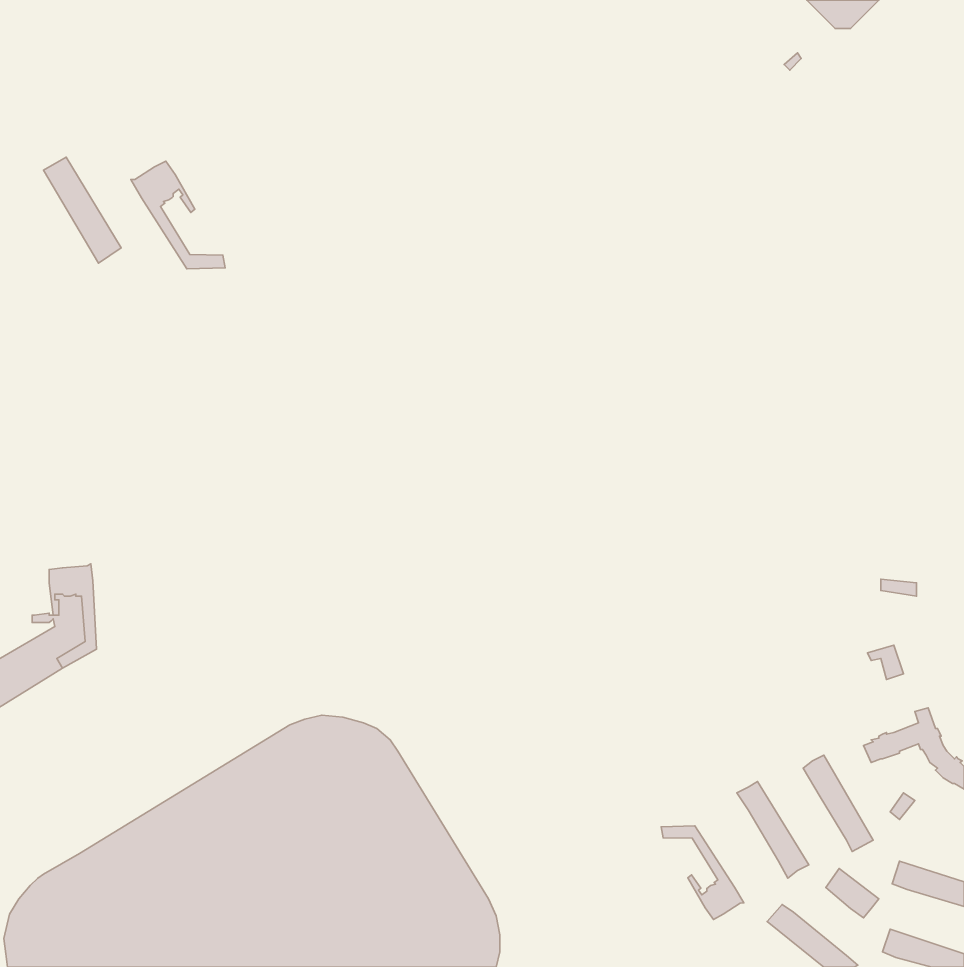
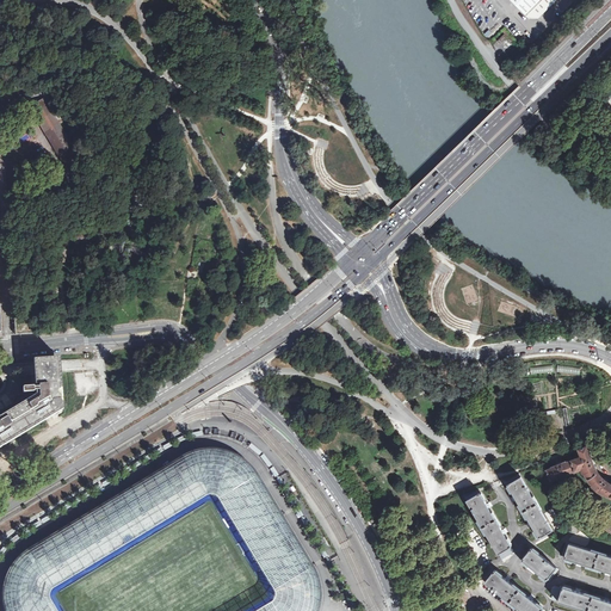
building: [131,161,225,269] -> none
building: [661,826,744,919] -> none

